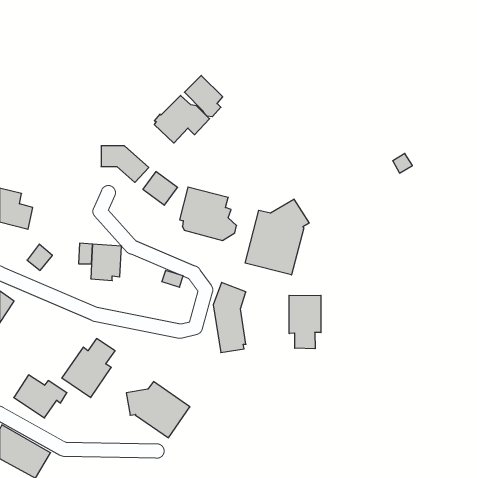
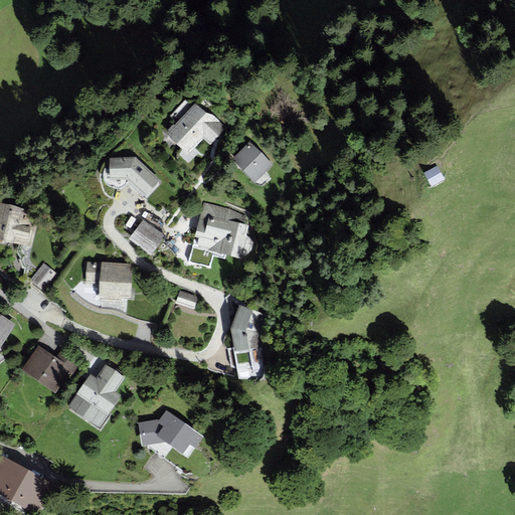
building: [184,75,223,117] -> [230,141,272,185]
building: [143,172,178,205] -> [128,219,165,255]
building: [245,199,309,275] -> none
building: [289,295,321,349] -> none
building: [14,375,67,418] -> [21,345,78,391]

